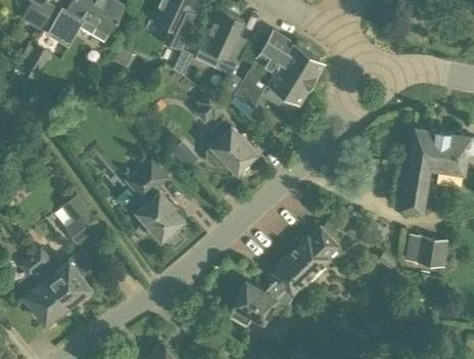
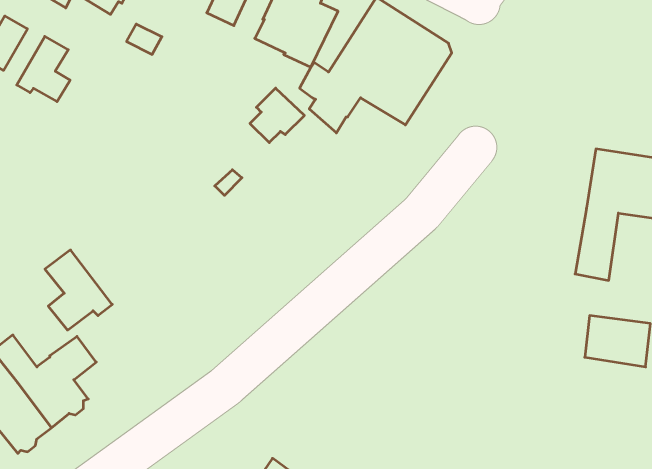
building: none -> [17,36,70,102]
building: [205,120,254,173] -> none
building: [124,158,183,241] -> none
building: [229,220,352,327] -> none

